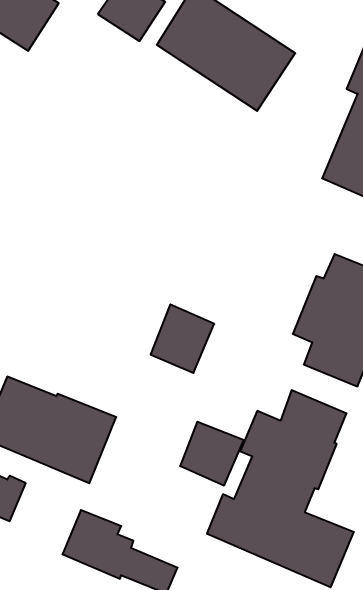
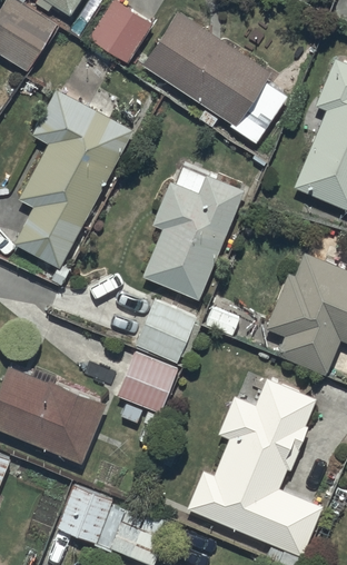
building: none -> [16,90,133,267]
building: none -> [145,168,242,298]
building: [180,422,244,485] -> [119,354,177,412]

